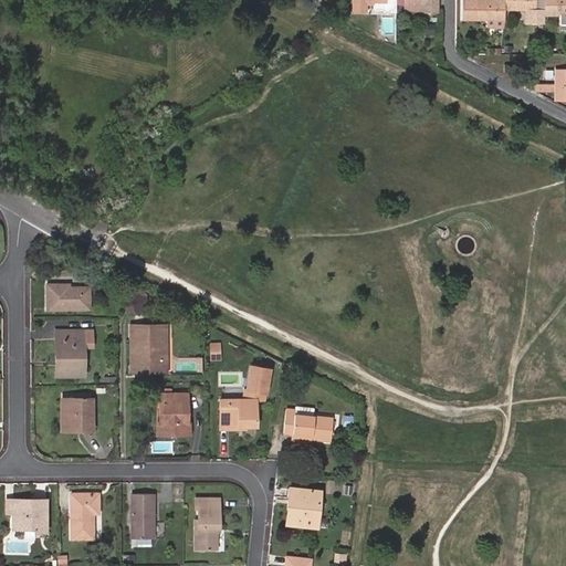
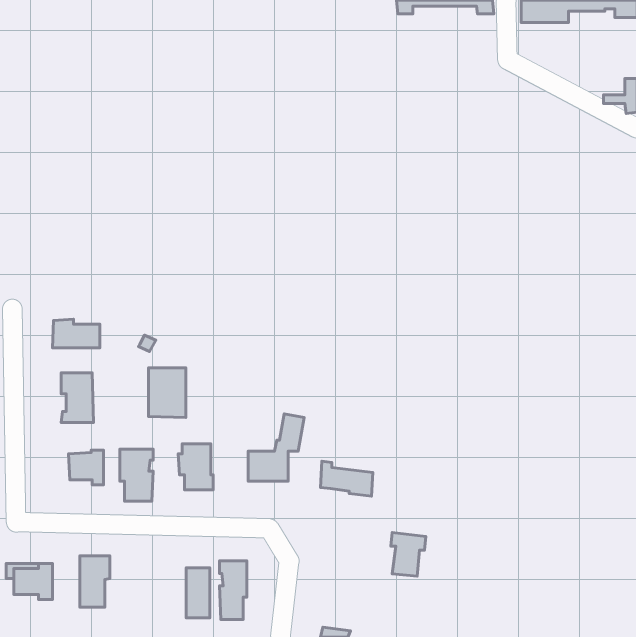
building: none -> [120,449,153,501]
building: [290,488,321,526] -> [391,533,426,576]
building: [133,493,154,537] -> [186,568,210,618]

